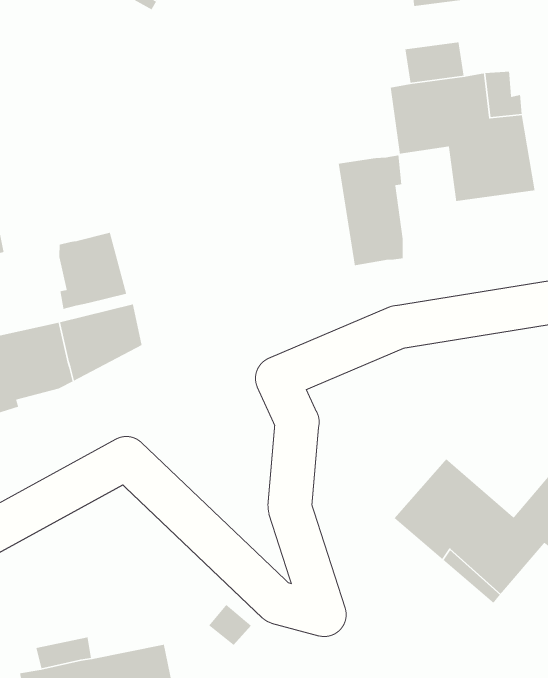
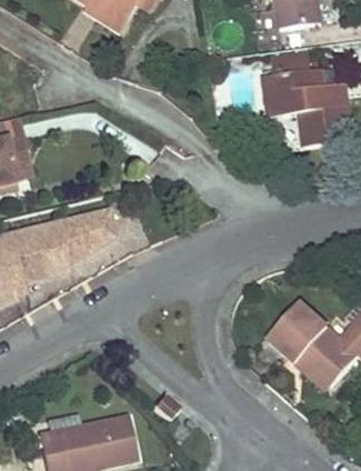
building: [338,154,403,266] -> none
building: [59,232,127,310] -> none

